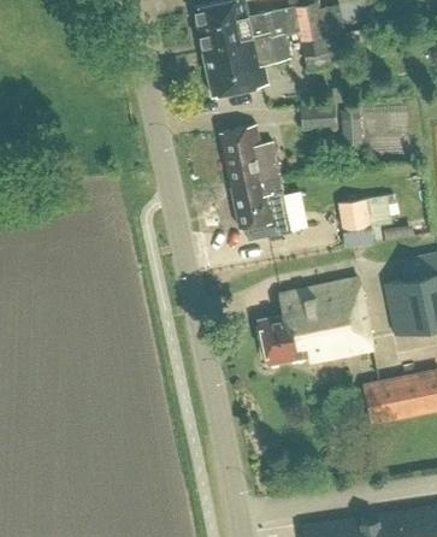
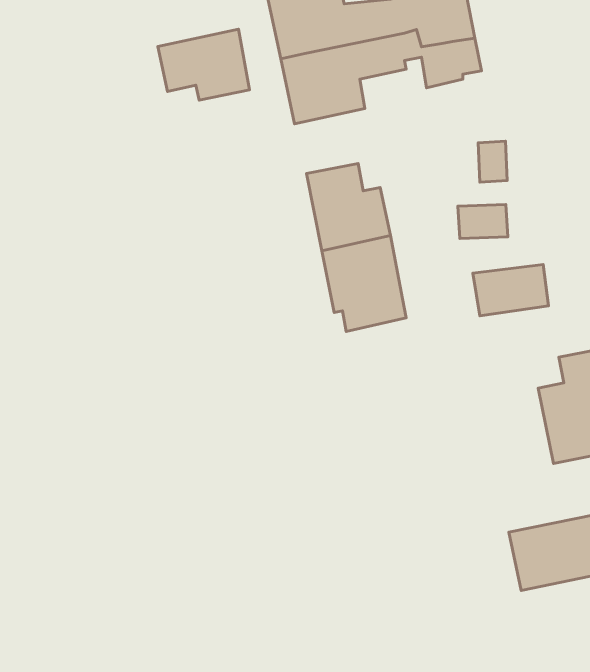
building: none -> [158,29,250,100]
building: [300,106,335,130] -> [458,204,508,239]
building: [258,279,372,365] -> none

